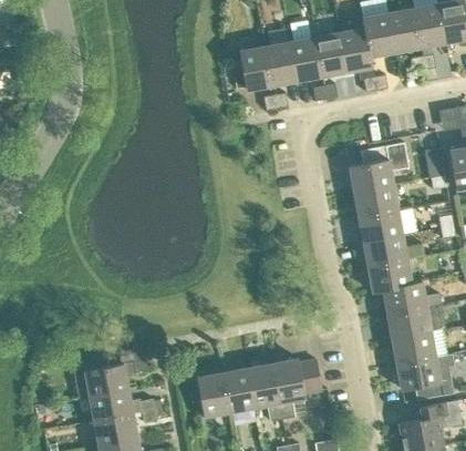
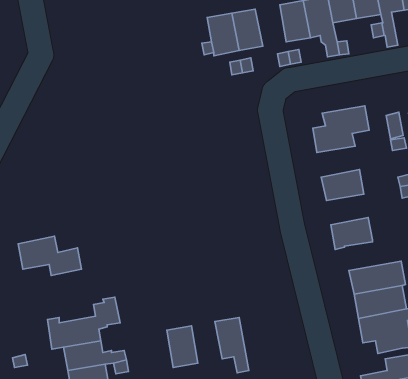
building: [289,38,321,81] -> none
building: [353,185,397,217] -> none
building: [363,235,424,267] -> none
building: none -> [18,236,81,275]
building: [382,281,441,315] -> none
building: [272,358,322,419] -> none
building: [222,368,255,411] -> none

